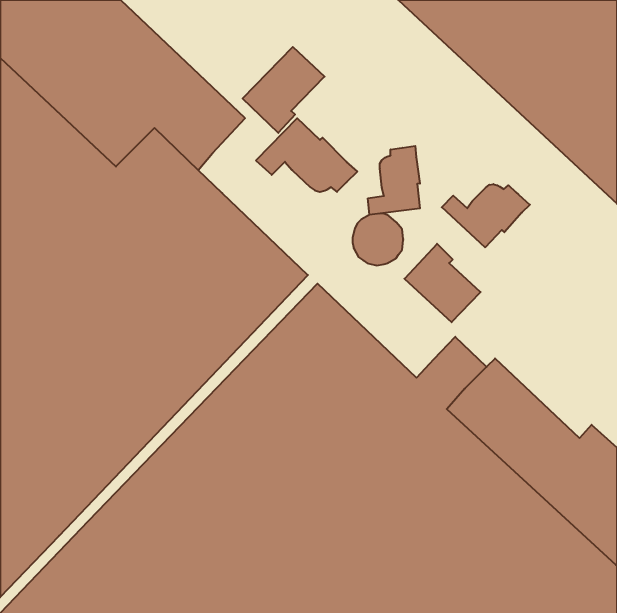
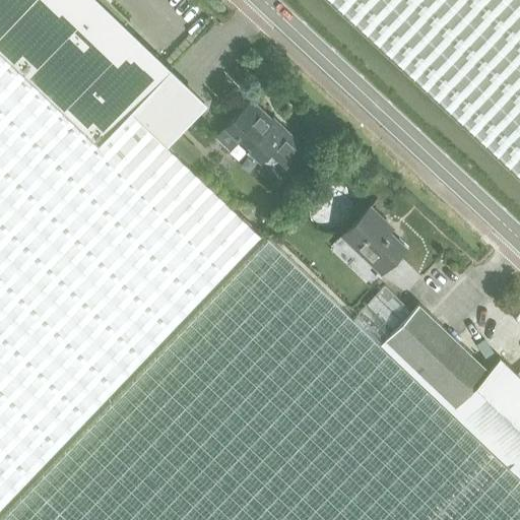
building: [243,47,325,133] -> none
building: [368,146,420,215] -> none
building: [442,184,530,247] -> none

